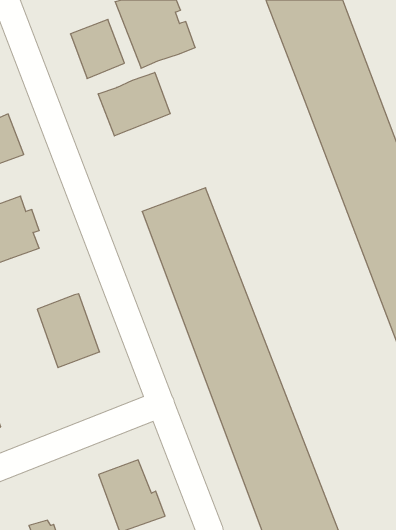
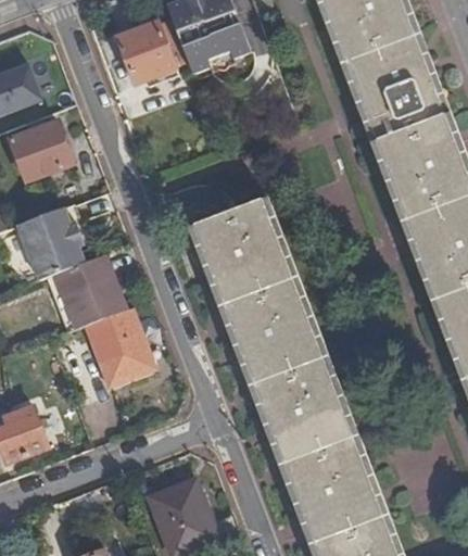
building: [98,72,170,136] -> none
building: none -> [56,253,124,326]

